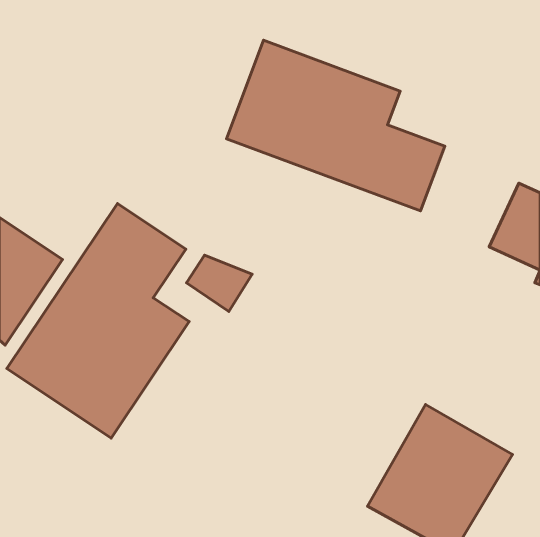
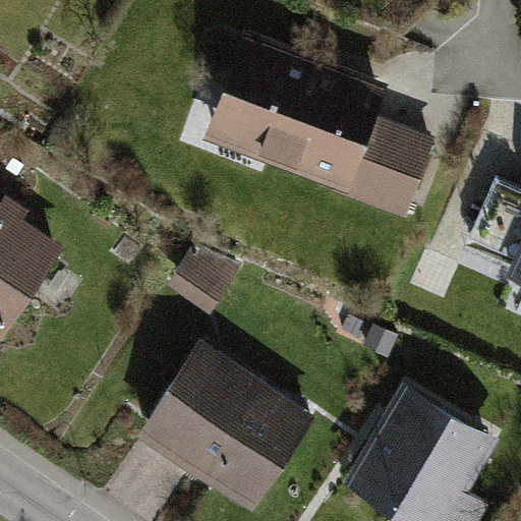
building: [7,203,189,438] -> none
building: none -> [146,351,310,508]

